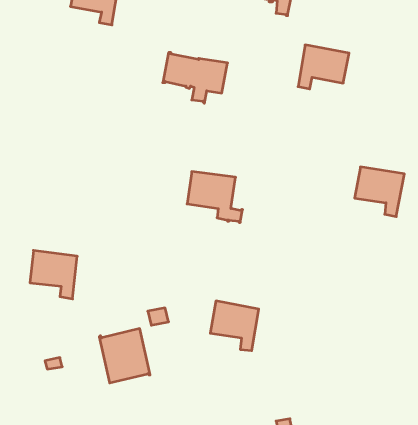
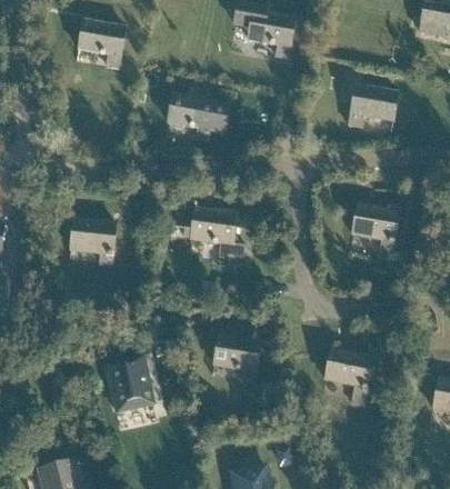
building: [298,45,349,89] -> [349,87,398,129]
building: [30,250,77,299] -> [70,220,116,267]
building: none -> [324,350,372,406]

